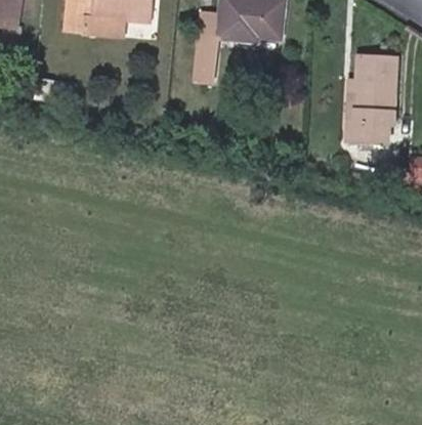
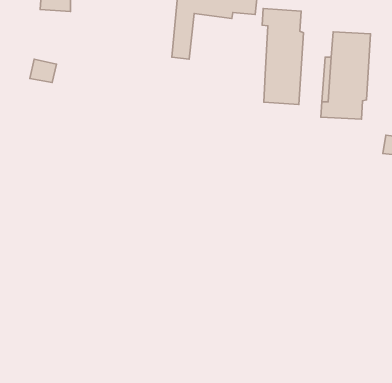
building: none -> [262,8,303,105]

